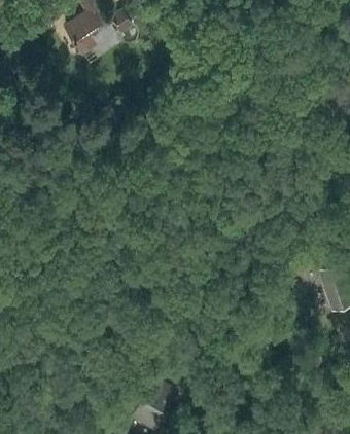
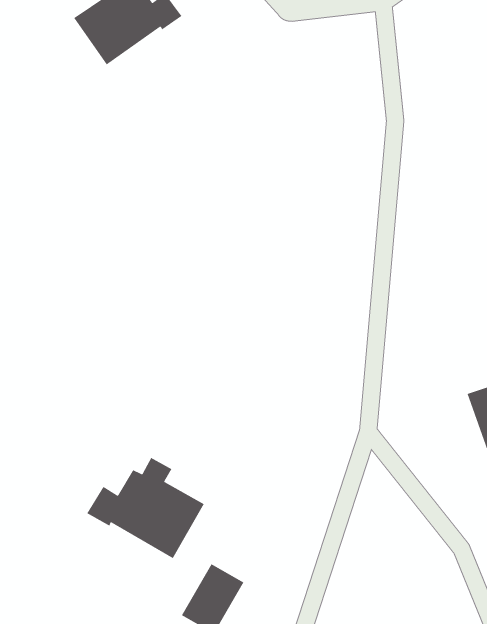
building: none -> [86,457,205,559]

